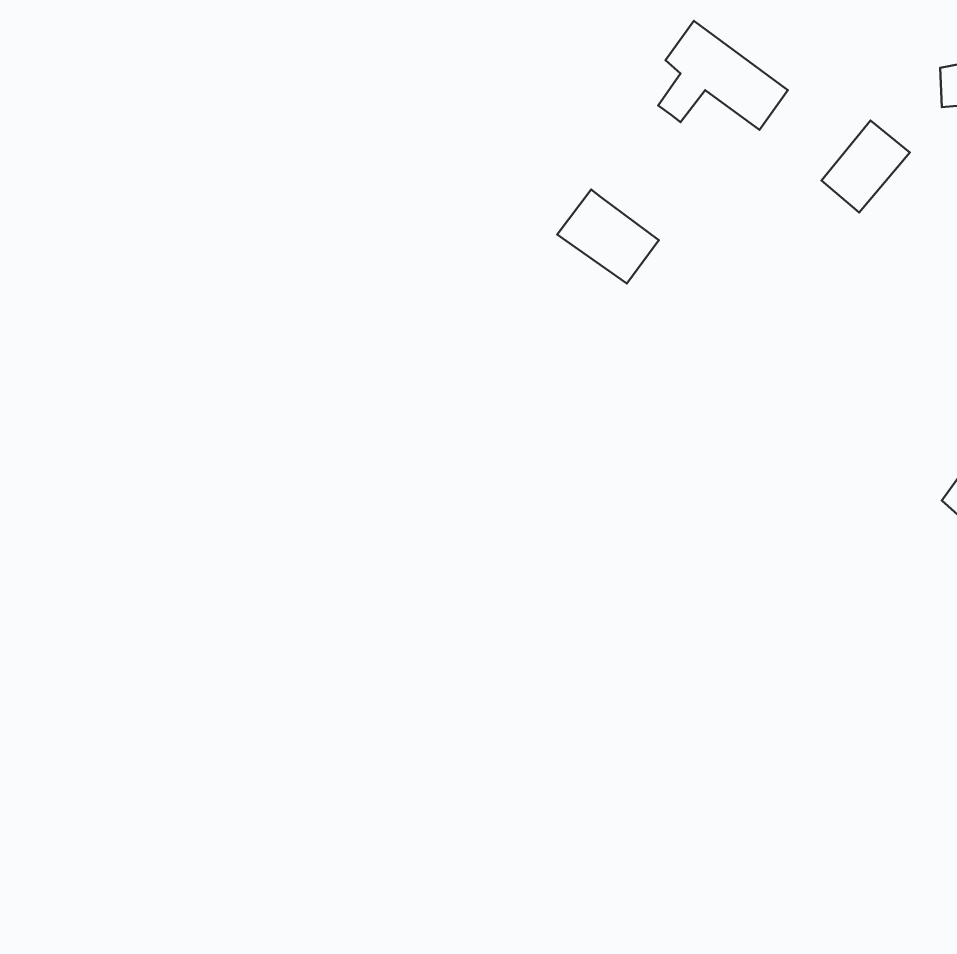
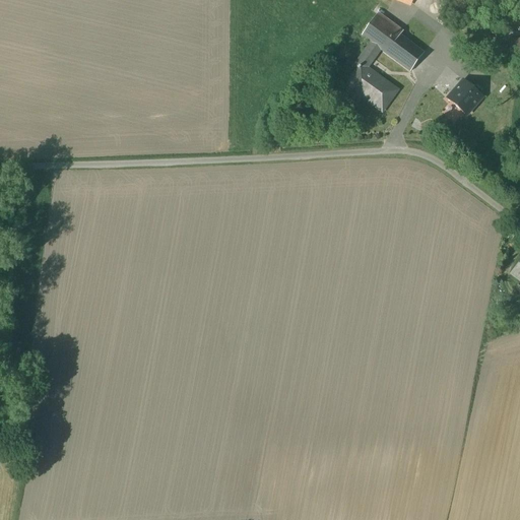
building: [557,189,659,283] -> [346,62,401,113]

